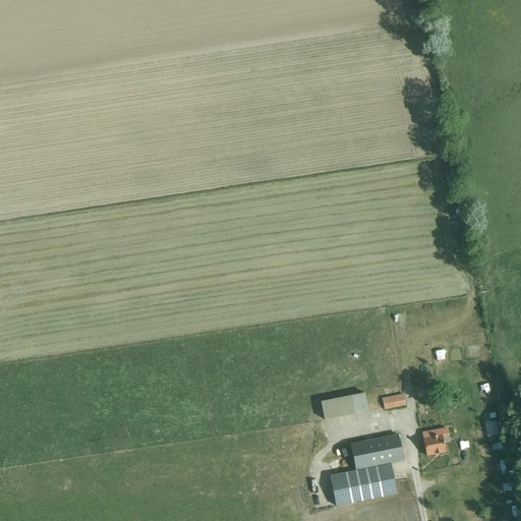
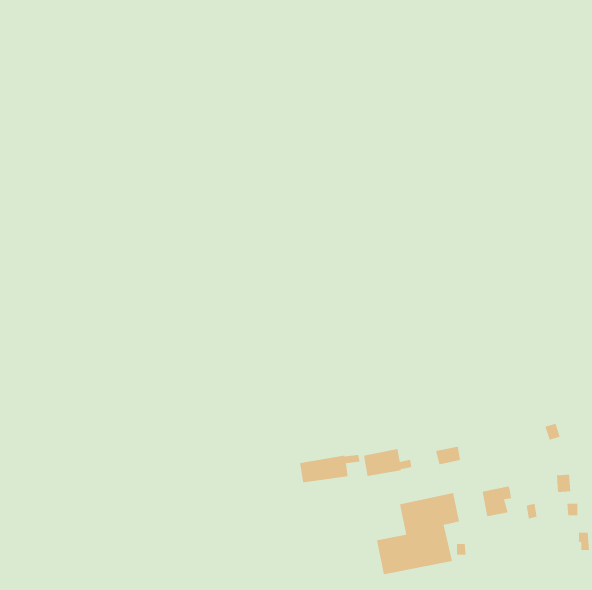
building: none -> [299,454,360,483]

